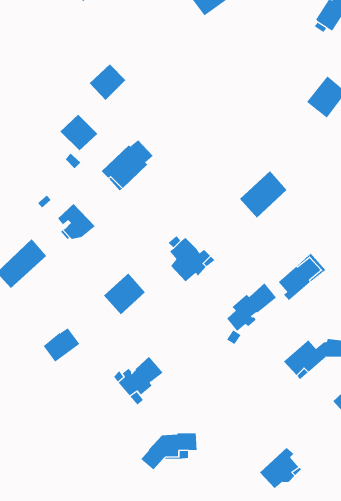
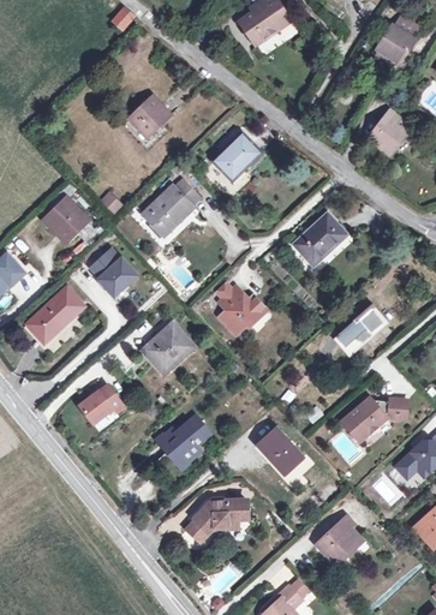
building: none -> [213,132,263,181]
building: [60,114,98,151] -> [46,199,88,240]
building: [226,282,277,332] -> none
building: none -> [257,428,303,473]

